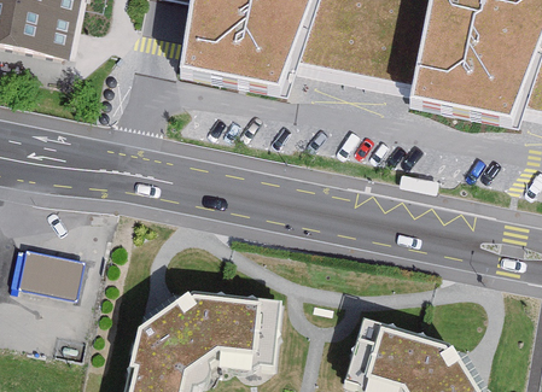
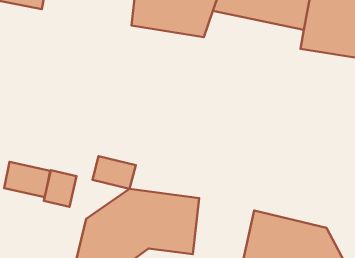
building: none -> [92,156,136,189]
building: none -> [44,170,76,207]

